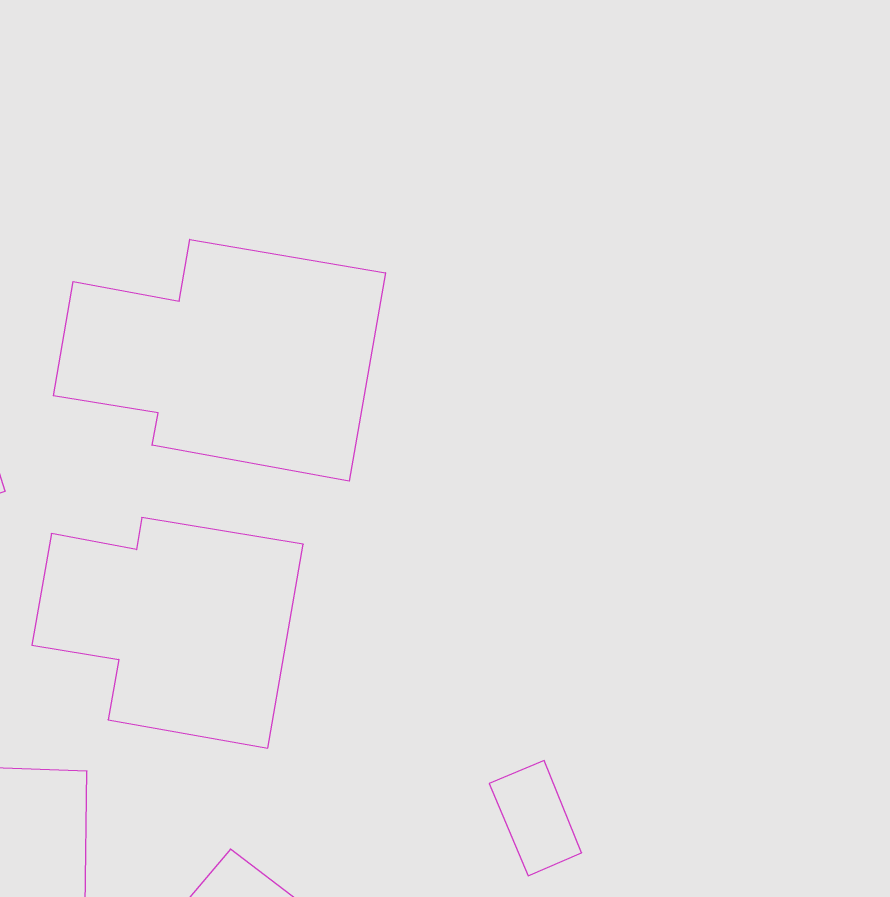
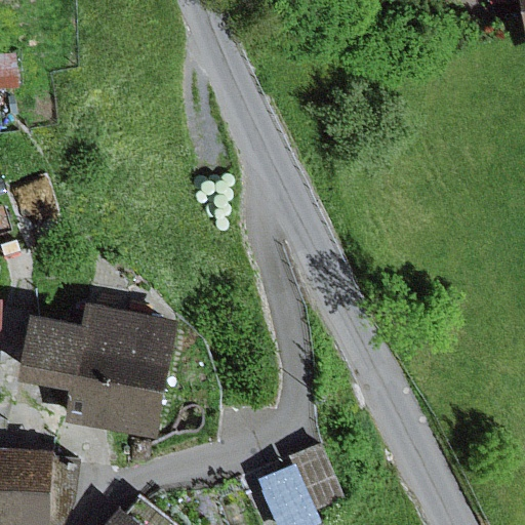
building: [53,239,385,481] -> none

